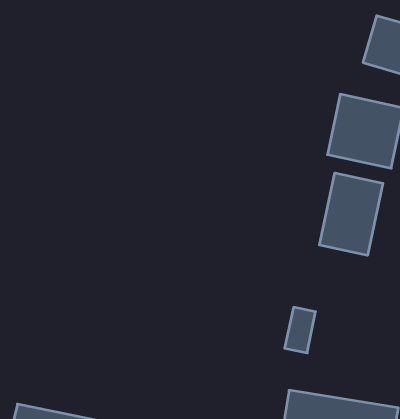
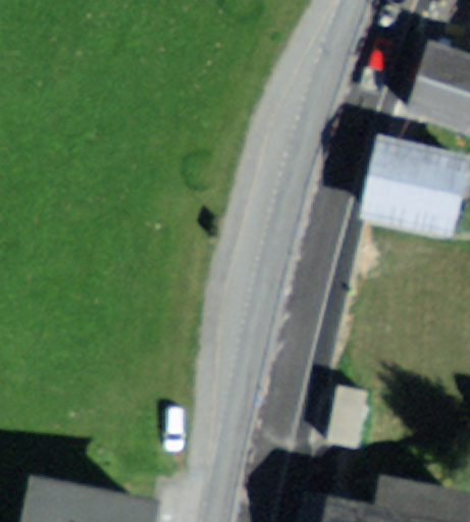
building: [319,173,383,255] -> none

